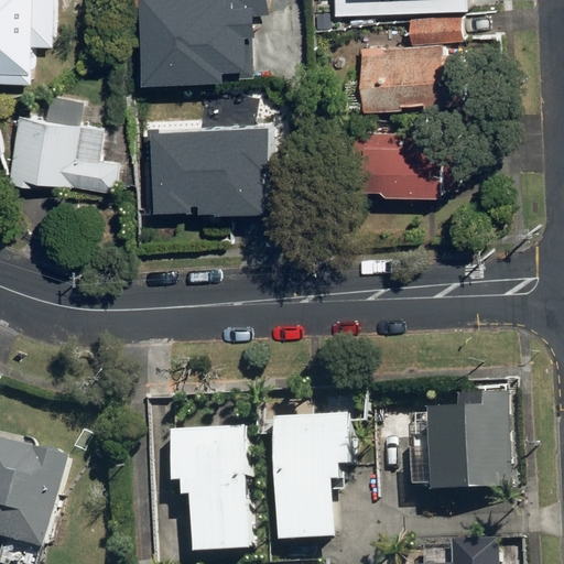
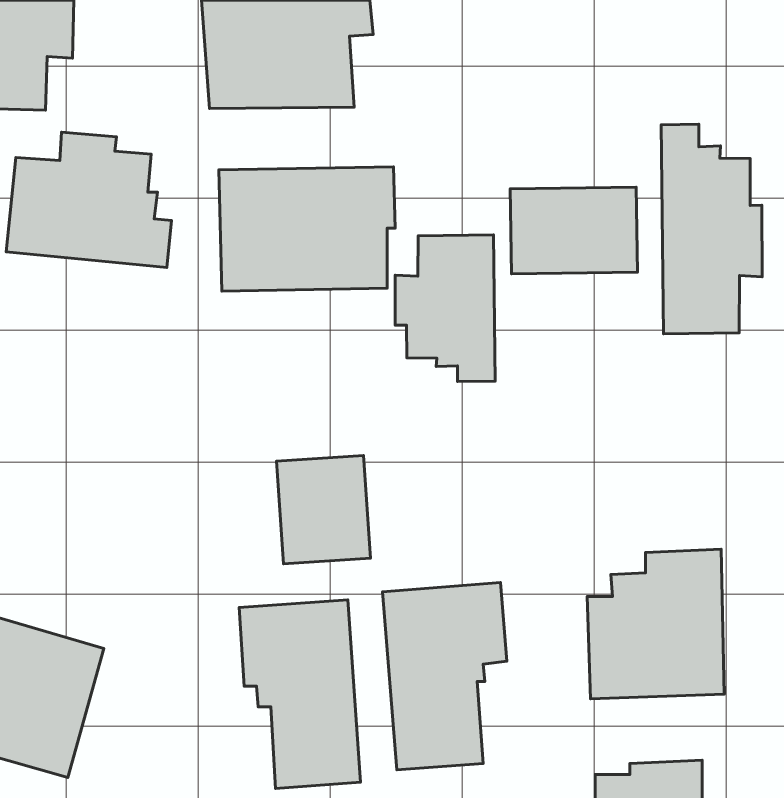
building: [351,13,462,110] -> none
building: none -> [661,124,762,334]
building: none -> [395,235,495,382]
building: none -> [276,455,371,564]

